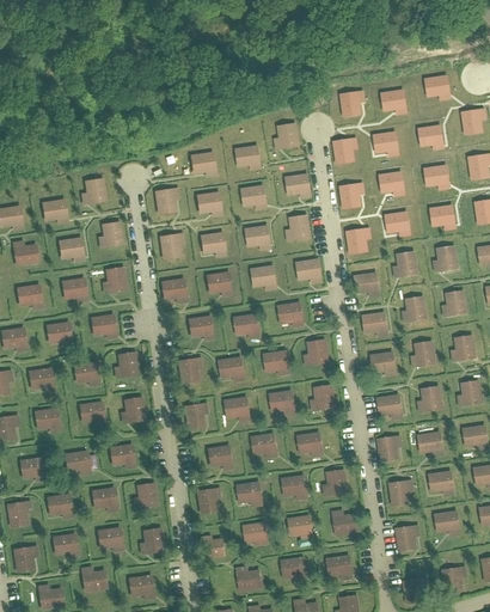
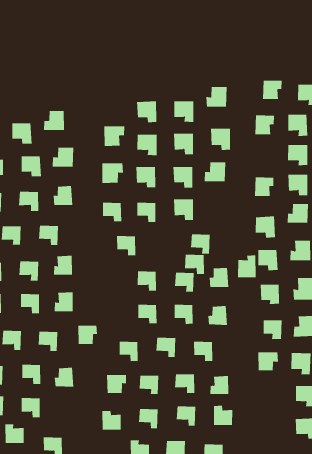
building: [341,188,366,215] -> none
building: [295,256,323,283] -> none
building: [233,313,261,338] -> [184,254,205,275]
building: none -> [238,254,256,278]
building: [176,360,202,386] -> none
building: [182,404,208,430] -> [77,325,98,344]
building: [387,477,417,507] -> none
building: [396,524,423,550] -> none
building: [140,527,166,553] -> none

